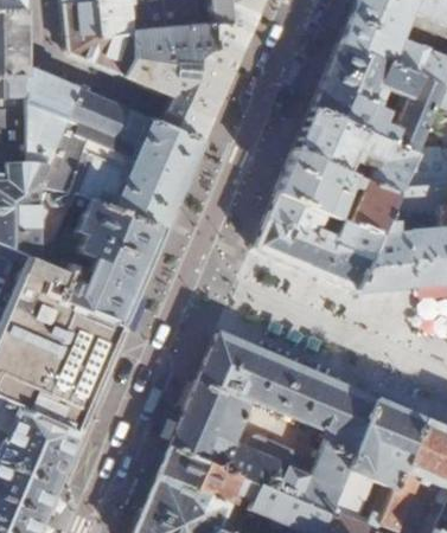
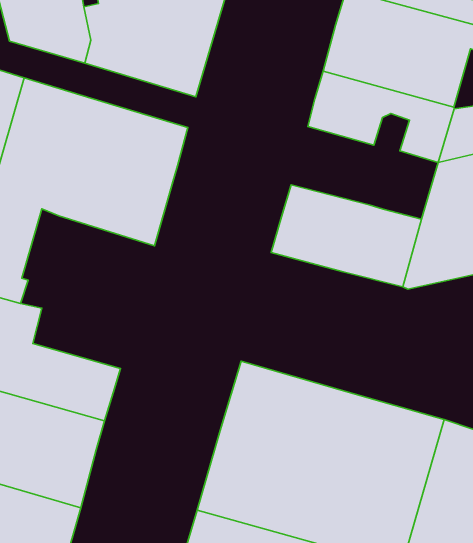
building: [279,152,398,237] -> none
building: [57,199,164,327] -> none

